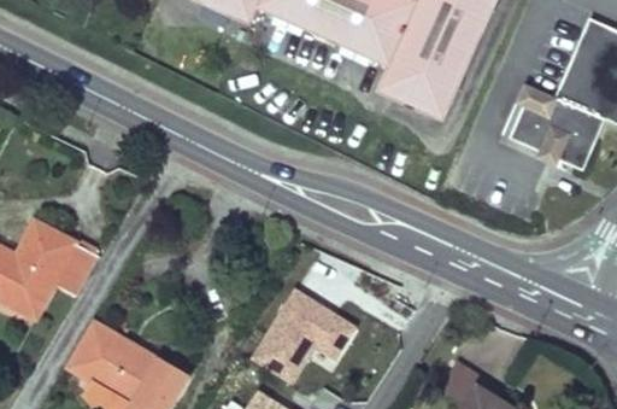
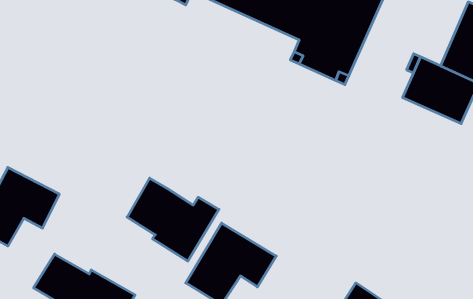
building: none -> [127,178,219,261]

